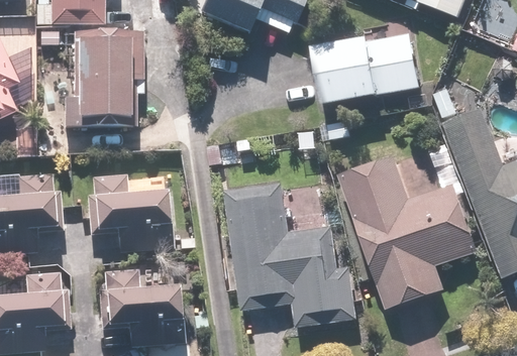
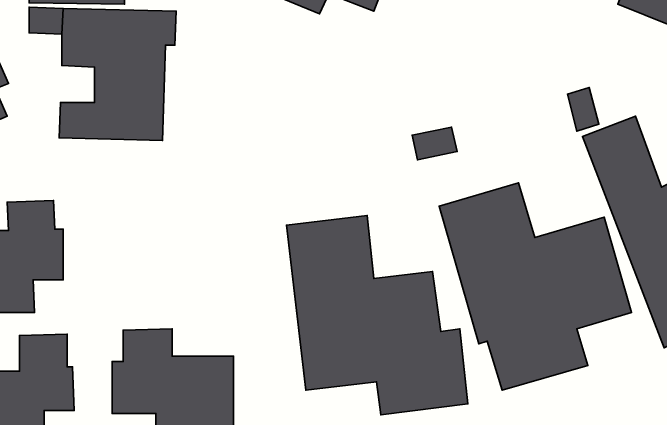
building: [314,28,420,105] -> none
building: [84,172,170,248] -> none

